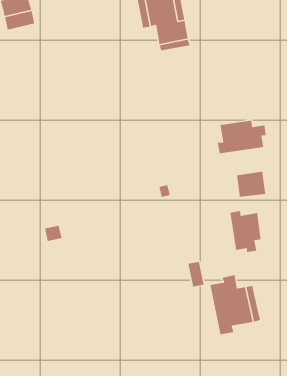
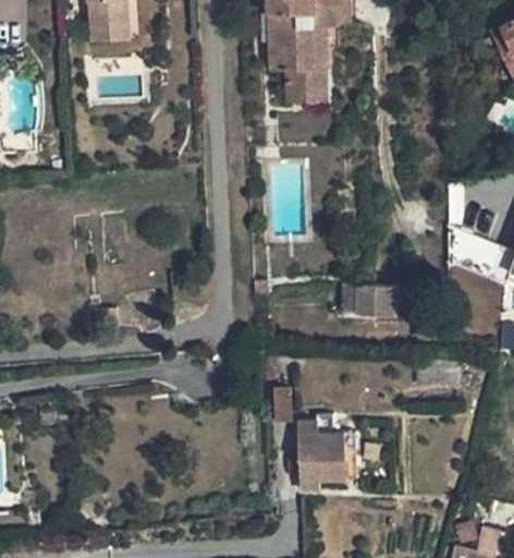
building: [217,120,266,154] -> none
building: [230,210,262,253] -> none

